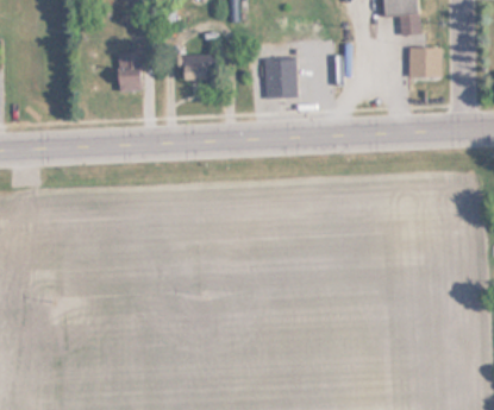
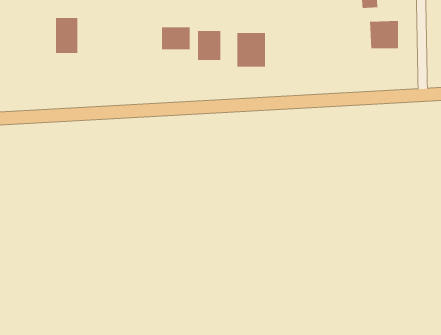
building: [118,51,143,90] -> [55,18,78,54]
building: none -> [198,30,221,61]

